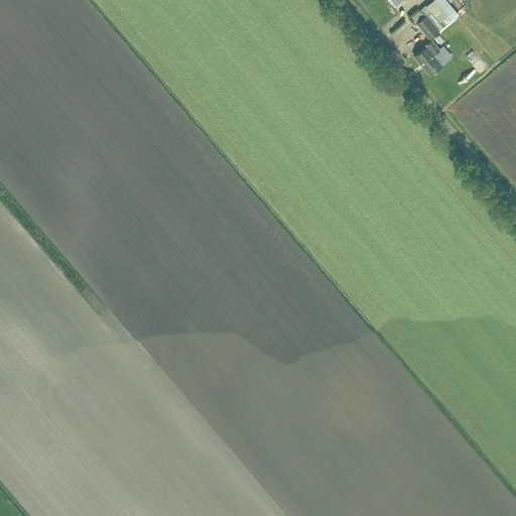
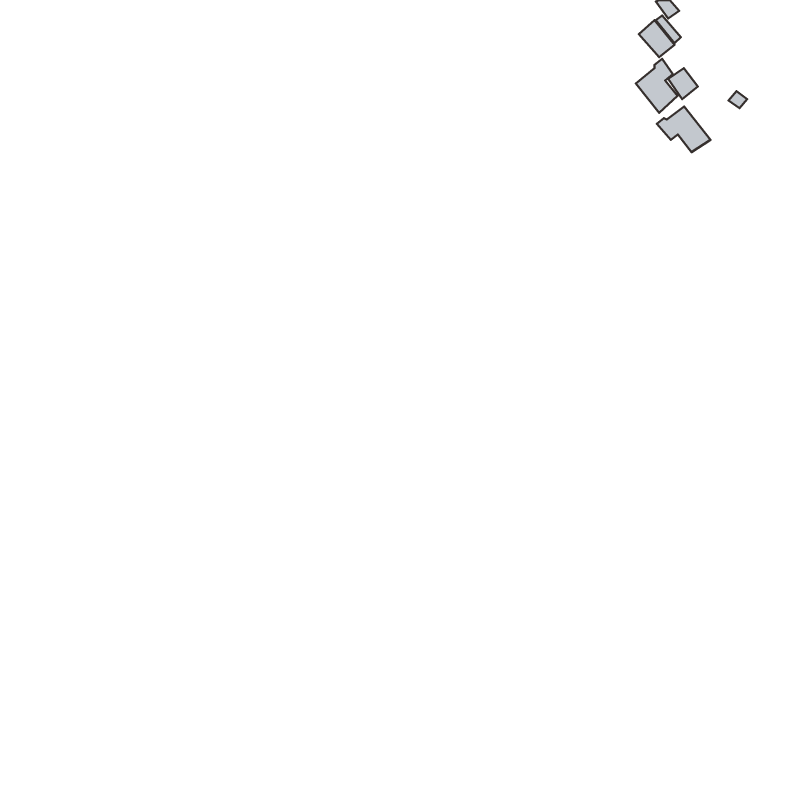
building: none -> [657,107,710,152]

